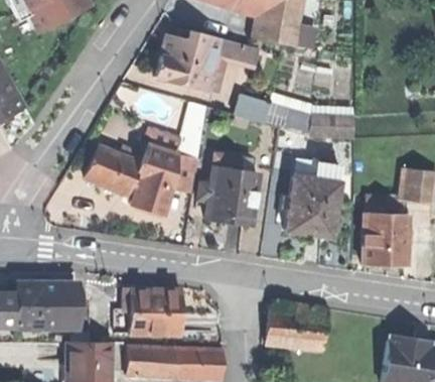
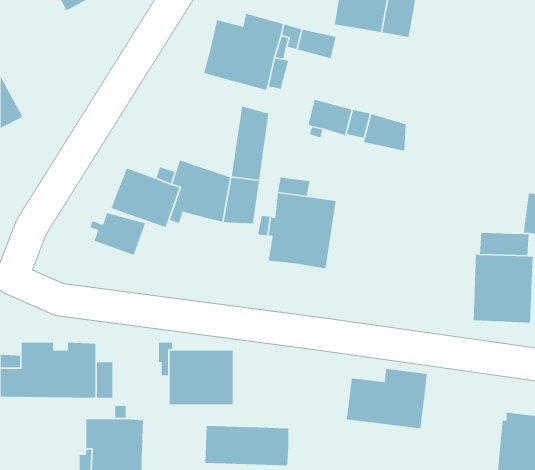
building: [310,115,352,138] -> none
building: [285,164,339,238] -> none
building: [128,182,171,216] -> [89,212,146,256]
building: [126,343,158,374] -> none

